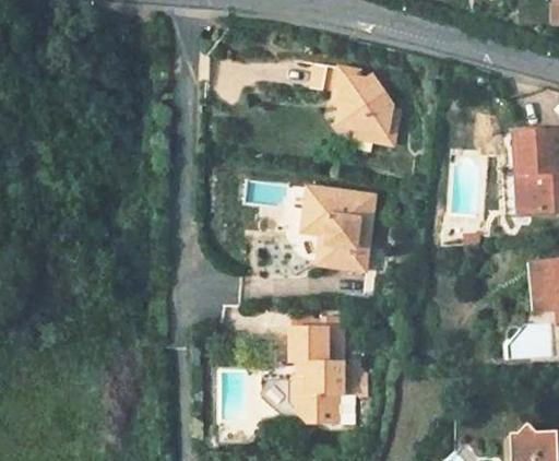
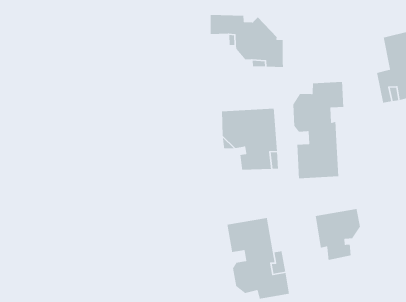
building: none -> [292,81,344,179]
building: none -> [315,208,361,261]

